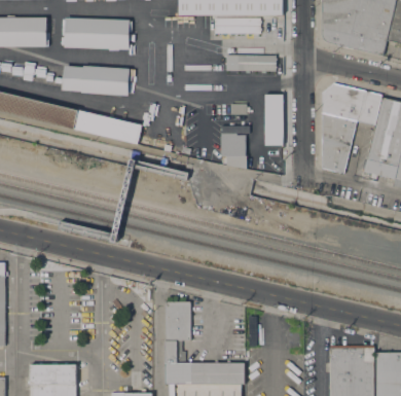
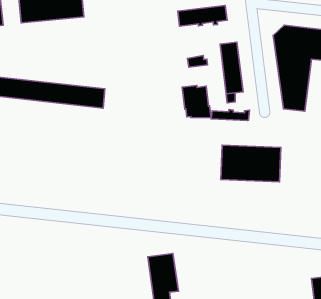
building: [64,65,131,96] -> none
building: none -> [221,145,281,182]

